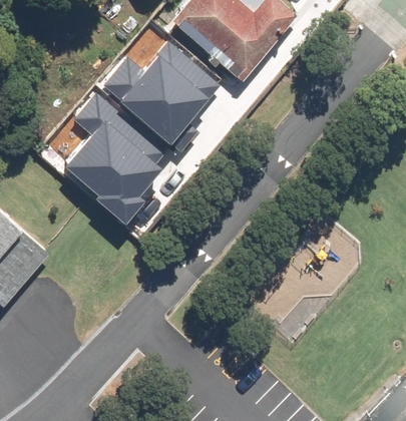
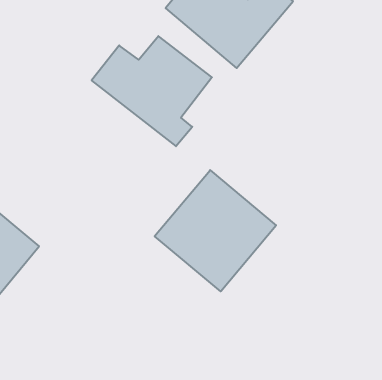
building: [68,100,164,224] -> none
building: none -> [155,170,276,291]

